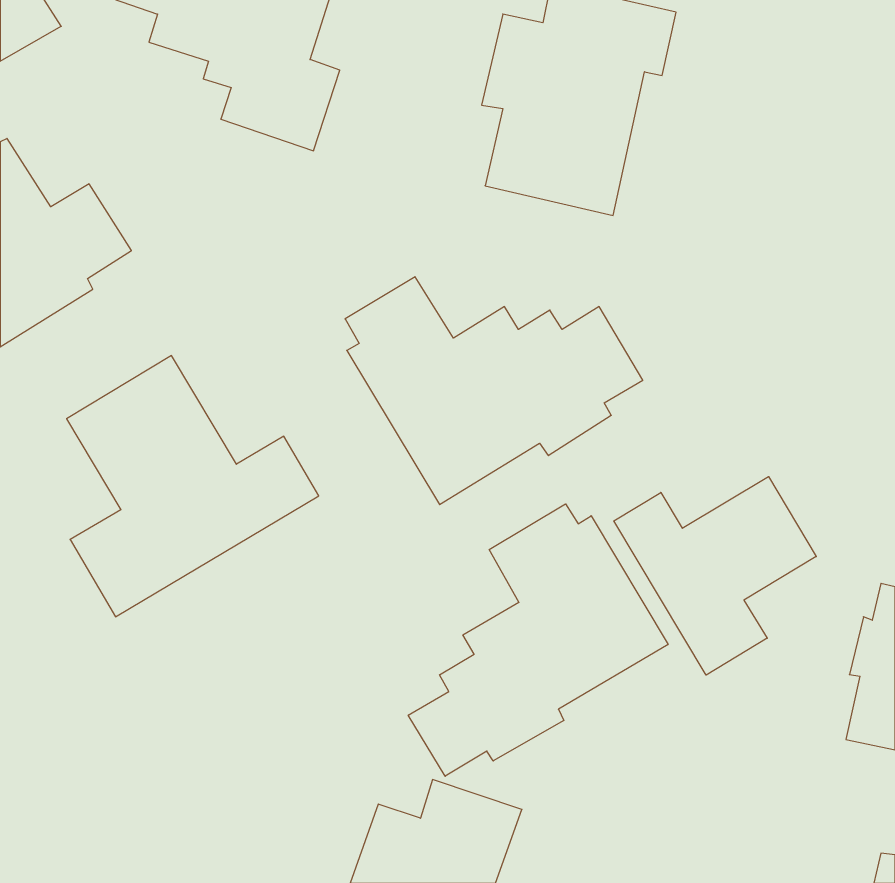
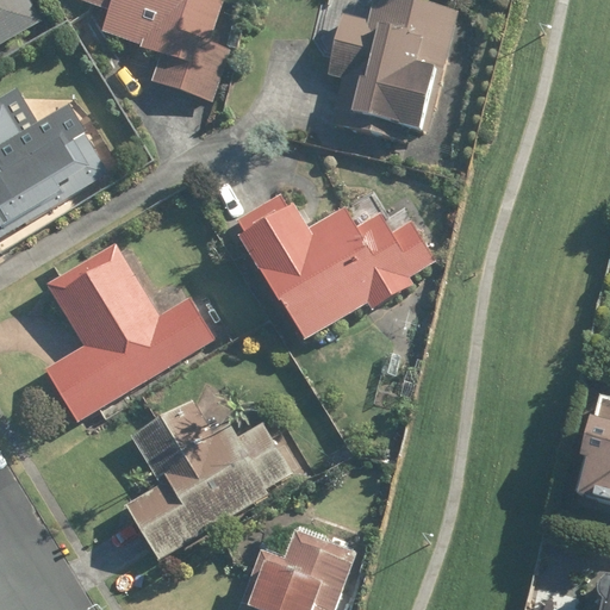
building: [614,477,816,675] -> none
building: [408,504,668,776] -> none
building: none -> [124,397,294,559]

